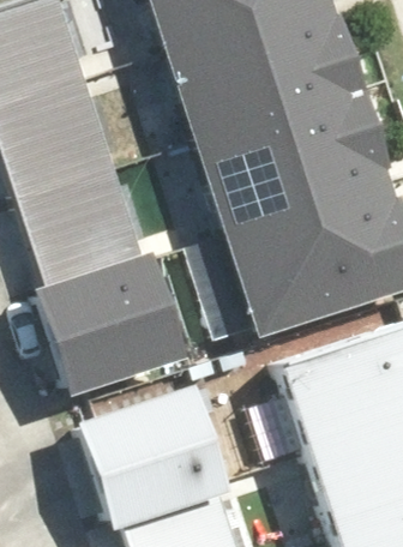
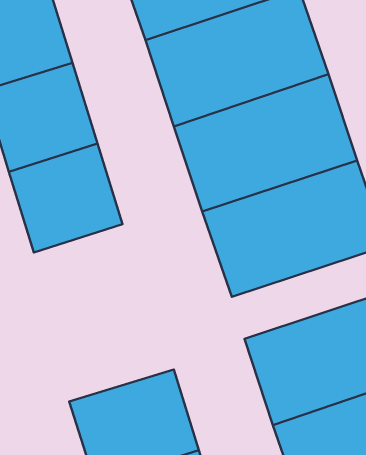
building: [38,247,174,381] -> none

